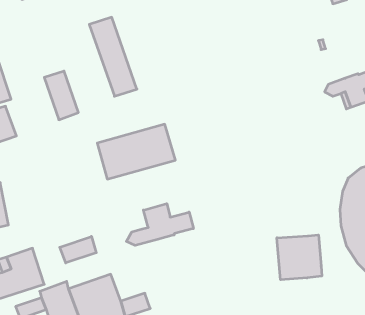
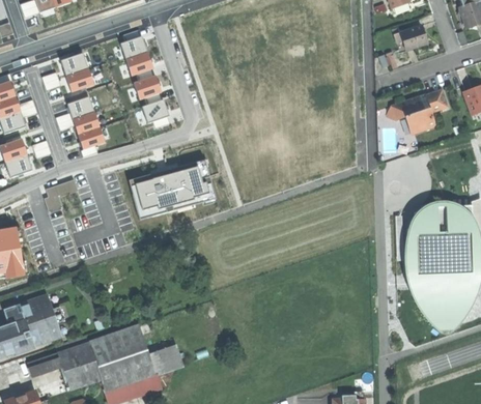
building: none -> [395,26,428,54]
building: none -> [57,48,93,91]
building: [126,204,193,245] -> none
building: [277,235,322,280] -> none
building: [60,236,96,263] -> none

